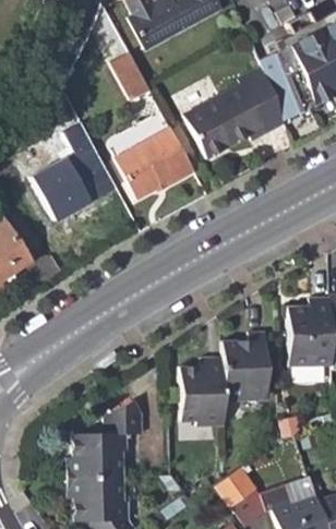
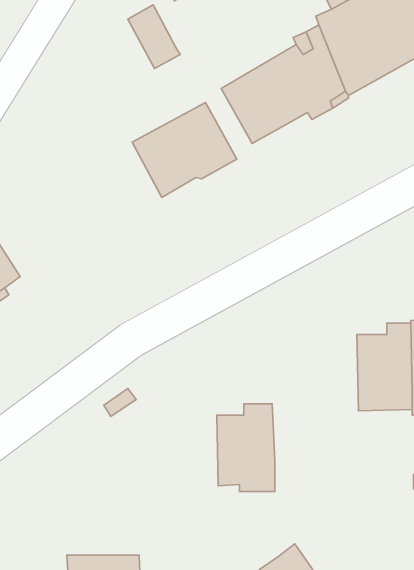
building: [36,121,119,218] -> none
building: [224,330,268,401] -> none
building: [65,398,140,474] -> none

